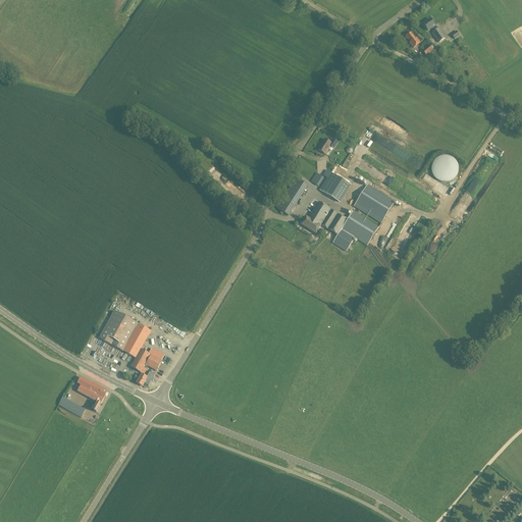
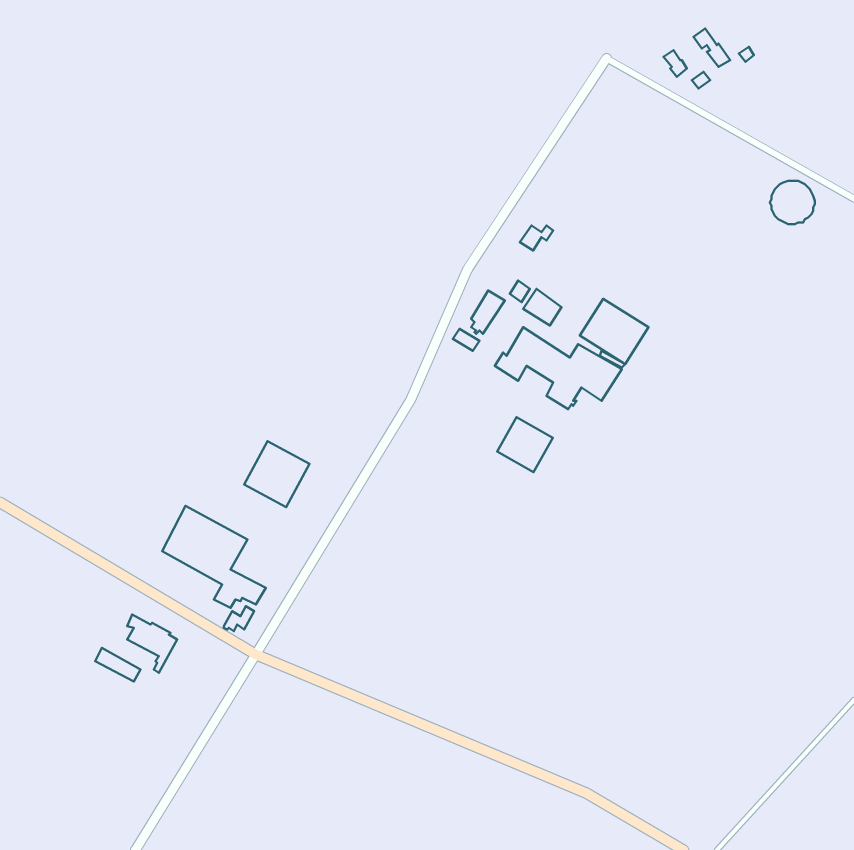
building: [431,154,459,180] -> [770,181,815,224]
building: none -> [497,417,553,472]
building: none -> [244,441,309,507]

